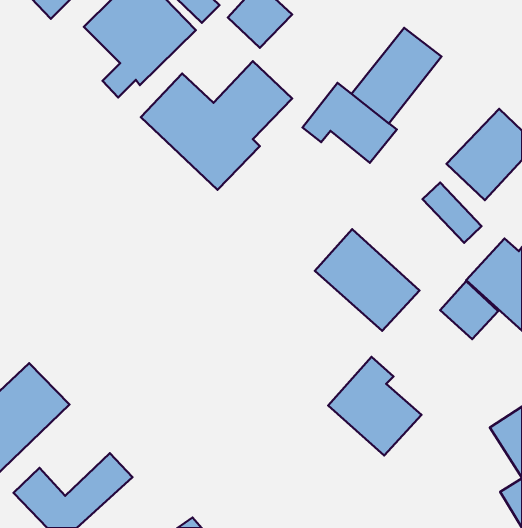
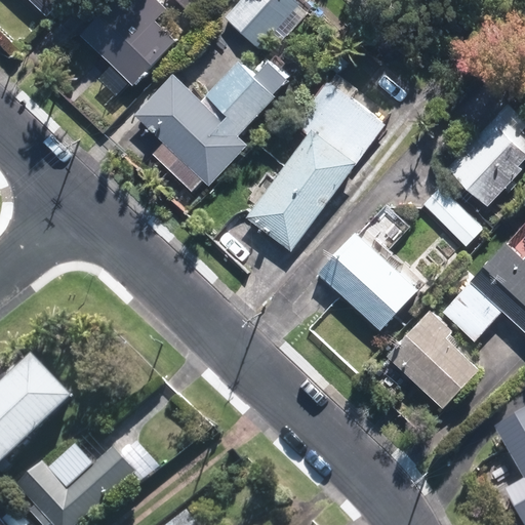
building: [352,28,441,124] -> none
building: none -> [253,130,369,253]
building: [328,357,421,455] -> [379,304,472,401]

